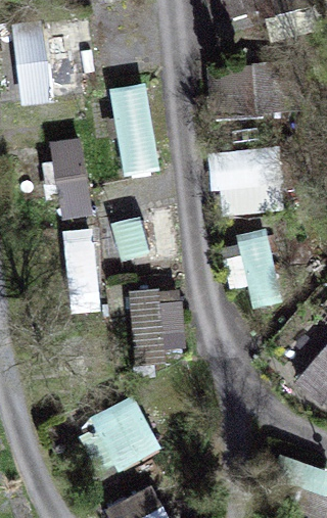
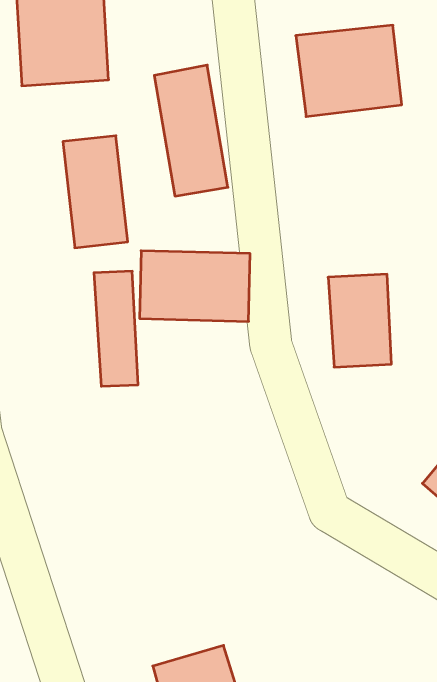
building: [215,149,278,210] -> none
building: [130,291,183,362] -> none
building: [78,396,159,478] -> none

